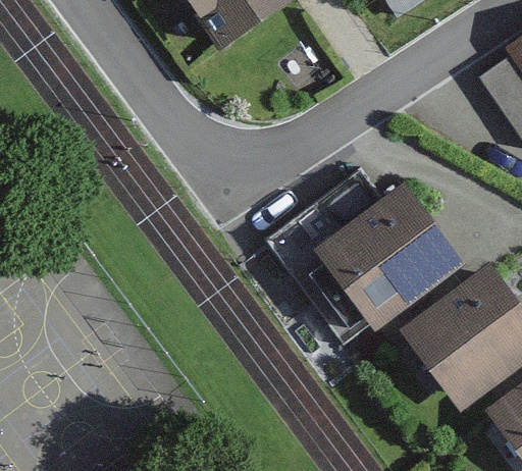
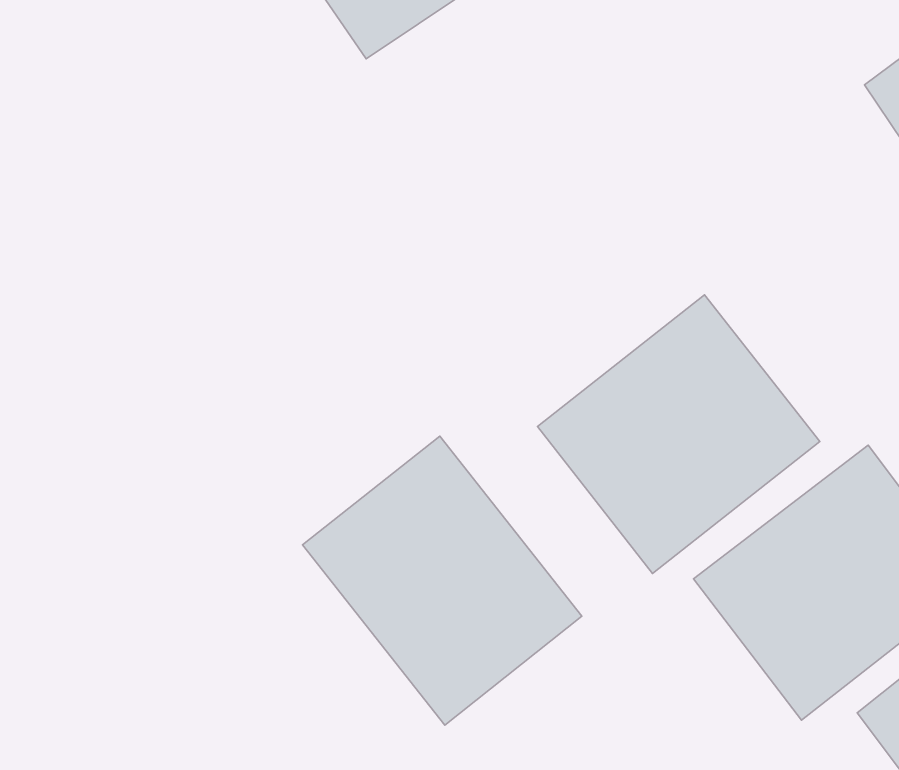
building: none -> [303,436,582,725]

